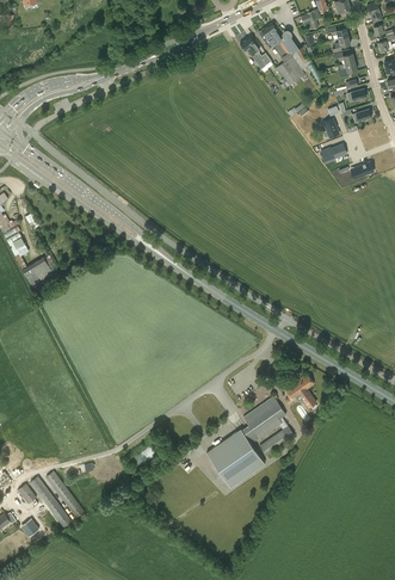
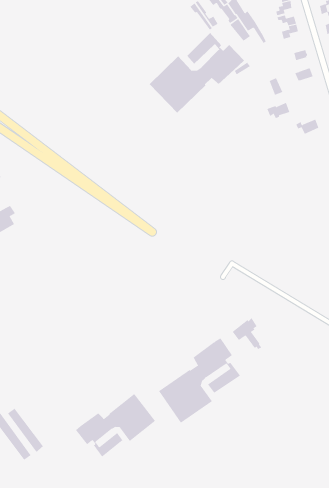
building: none -> [149,32,245,114]
building: none -> [75,393,156,458]

